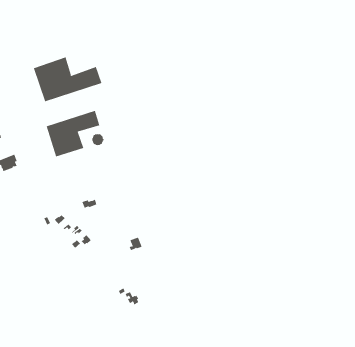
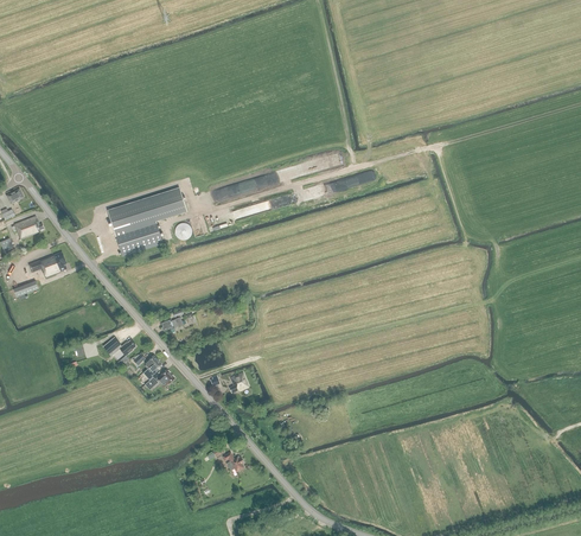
building: [33,57,102,102] -> none

